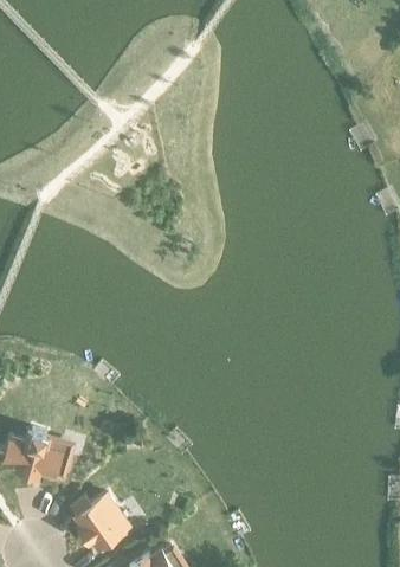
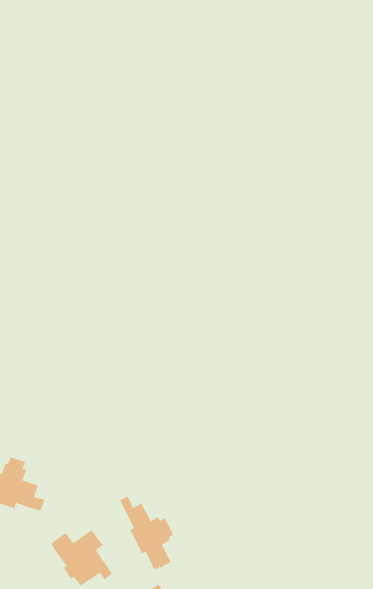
building: none -> [119,496,174,570]

